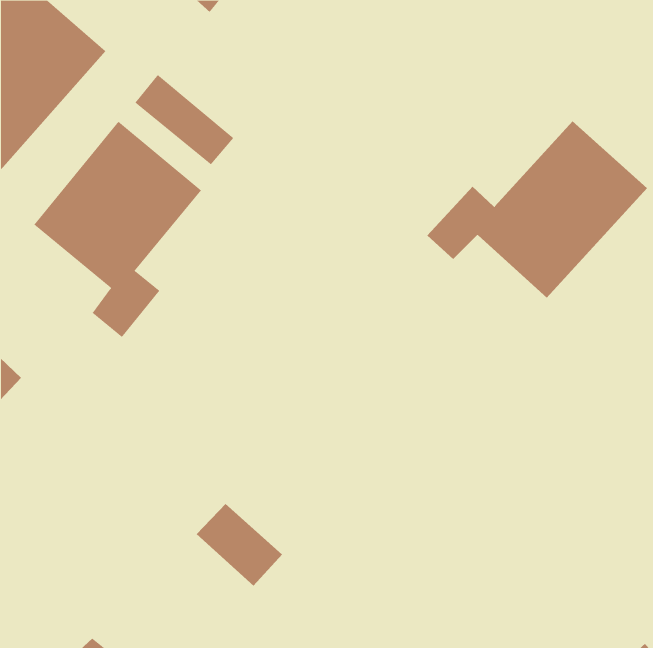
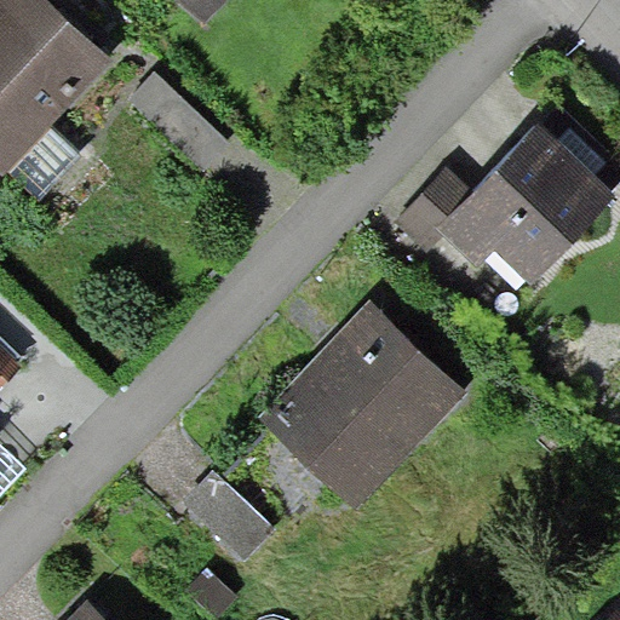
building: [34,121,202,338] -> none
building: none -> [265,310,454,501]

